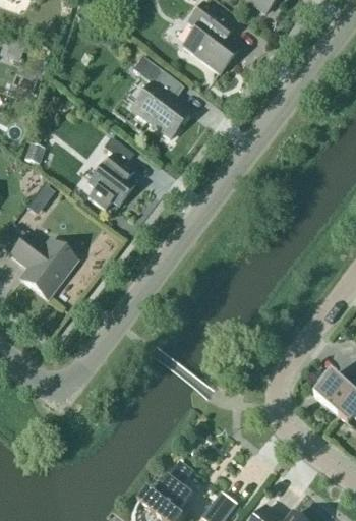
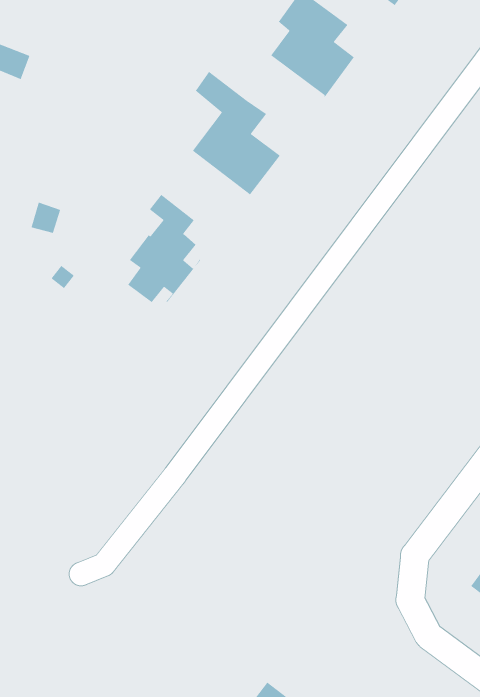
building: [11,233,76,298] -> none

